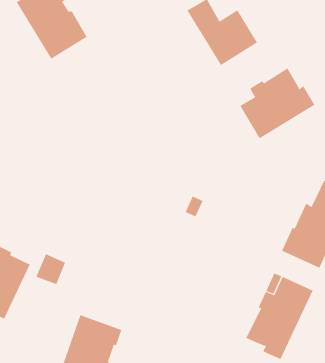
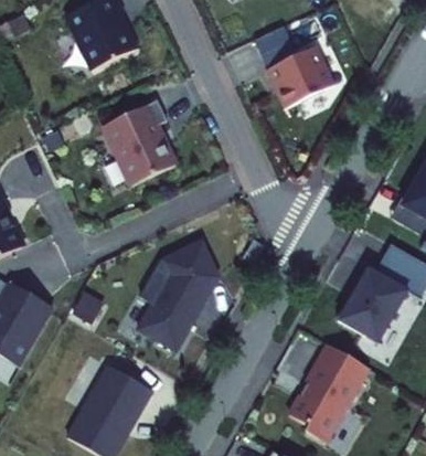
building: [240,68,315,139] -> none
building: none -> [103,99,177,187]
building: none -> [136,246,211,351]

